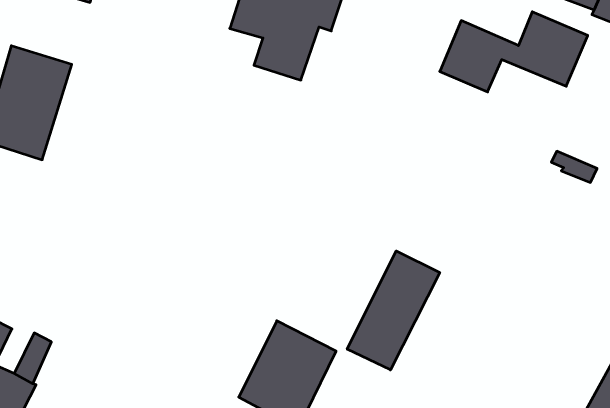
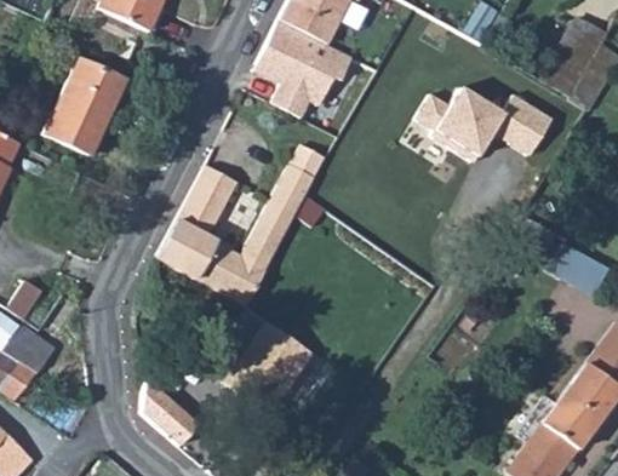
building: none -> [155,164,314,304]
building: [347,251,440,370] -> none

